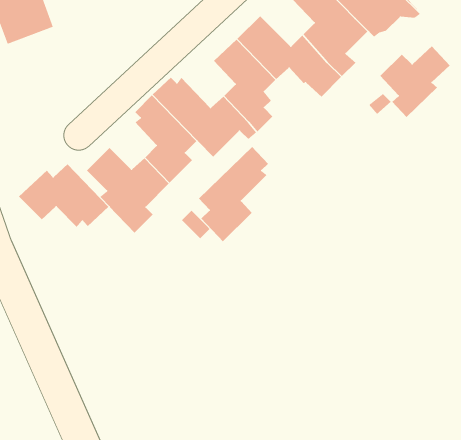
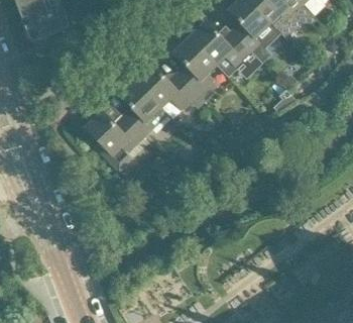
building: [380,46,450,118] -> none
building: [198,146,269,242] -> none
building: [18,164,109,228] -> none

